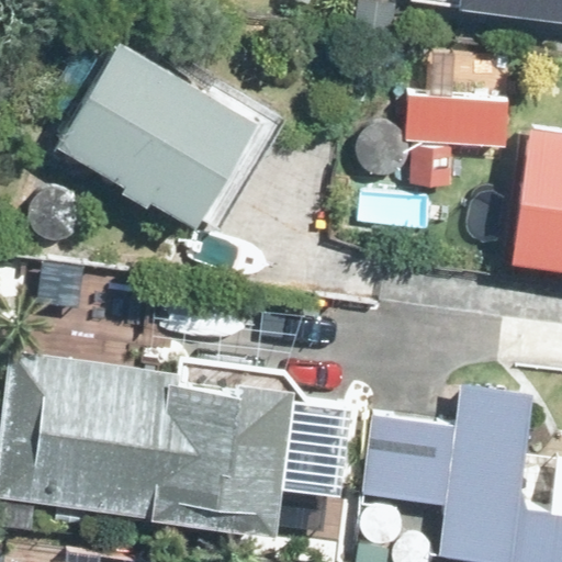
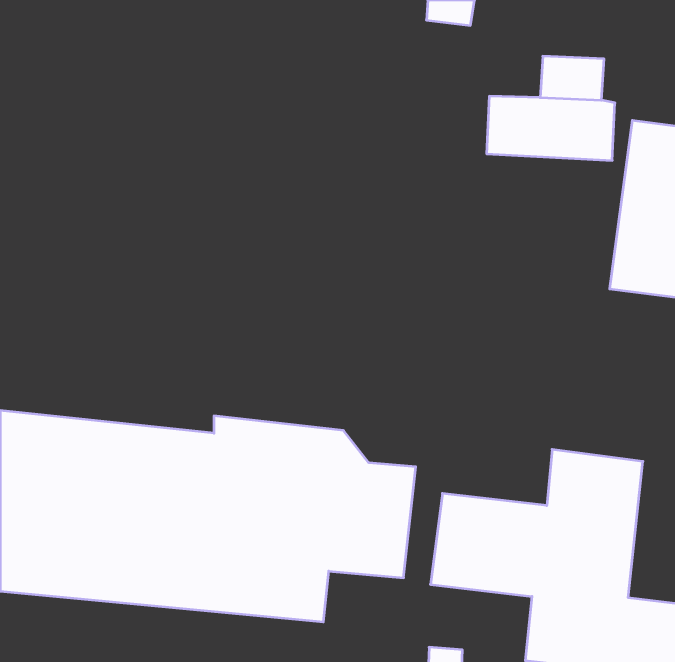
building: [52,29,252,217] -> none

